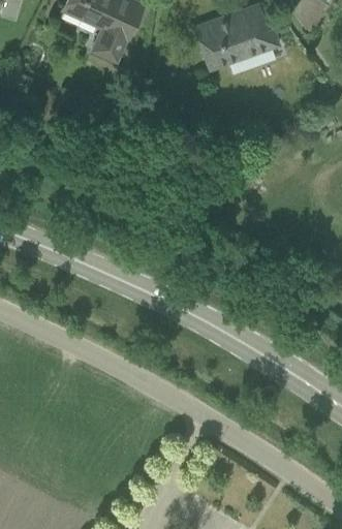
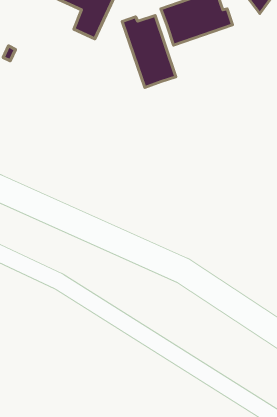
building: none -> [122,15,176,88]

